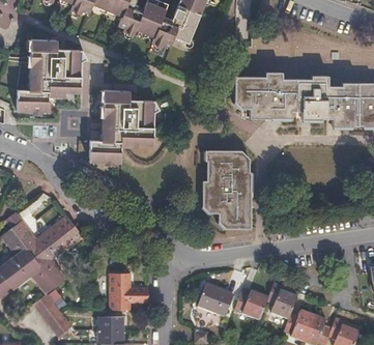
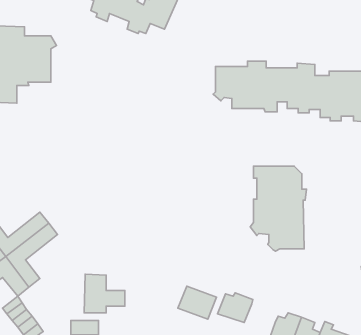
building: [88,91,156,163] -> none
building: [199,151,252,231] -> [250,166,306,251]
building: [267,283,297,319] -> none

